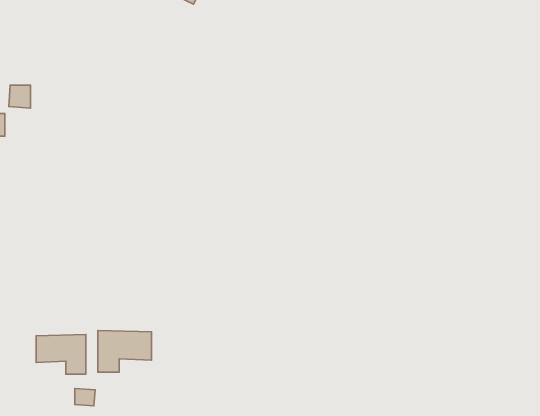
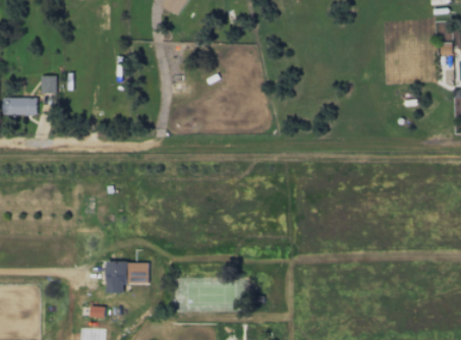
building: [36,335,86,374] -> none

